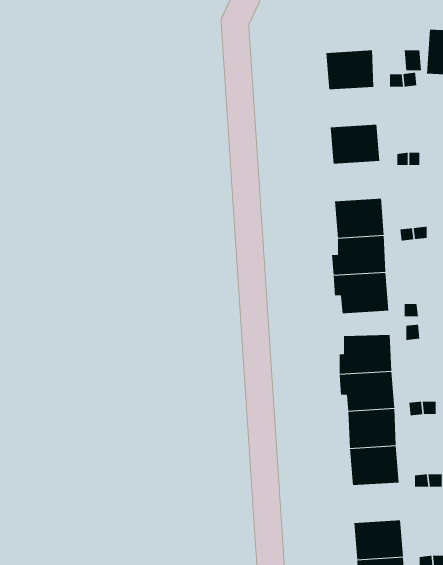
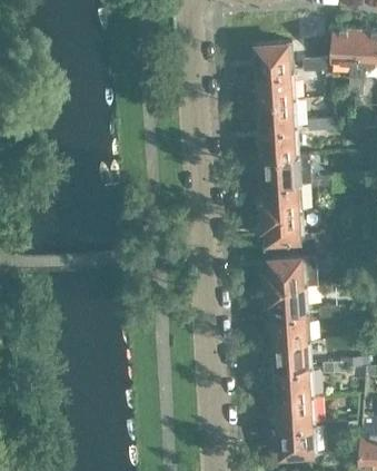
building: none -> [257,72,294,102]
building: none -> [260,128,297,158]
building: none -> [275,370,311,400]

